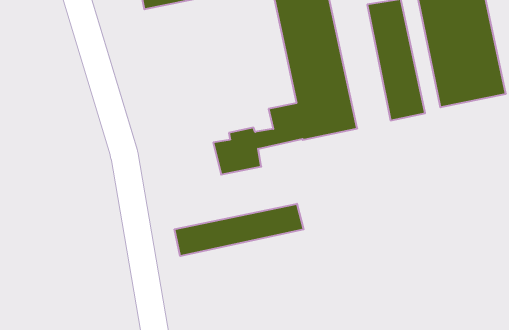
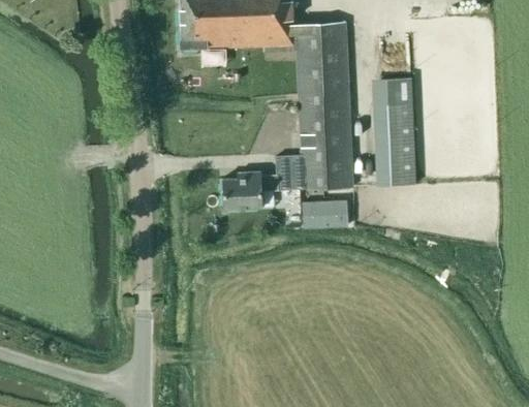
building: none -> [301,200,347,229]
building: [175,204,304,256] -> none

